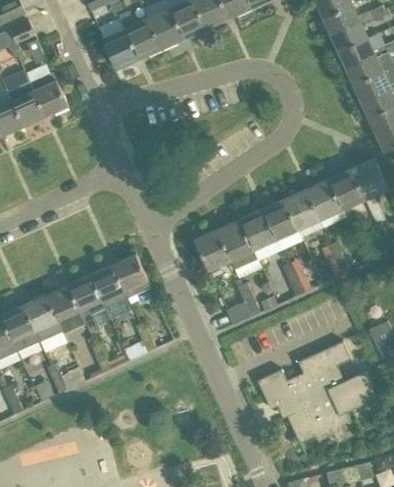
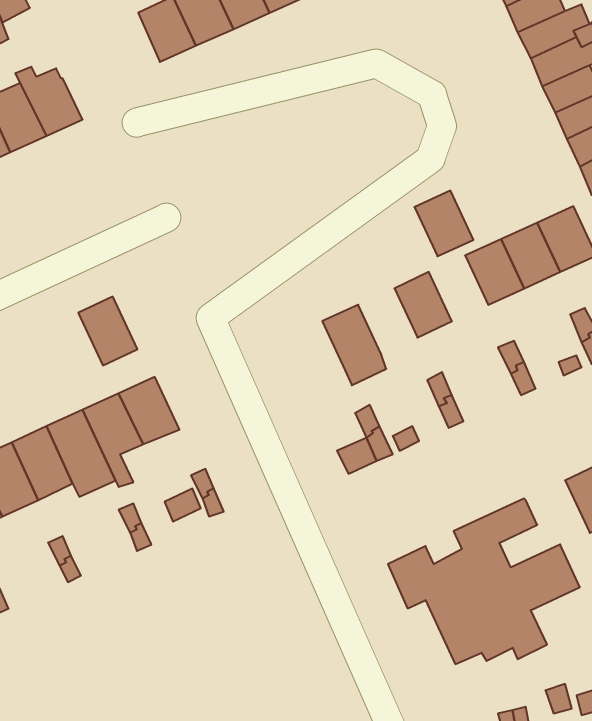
building: [284,190,321,230] -> [414,191,473,256]
building: [240,210,277,251] -> none
building: [195,230,232,271] -> none
building: [113,255,150,297] -> [78,297,137,365]

